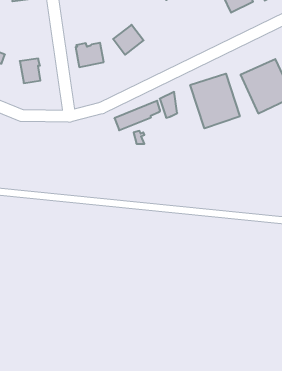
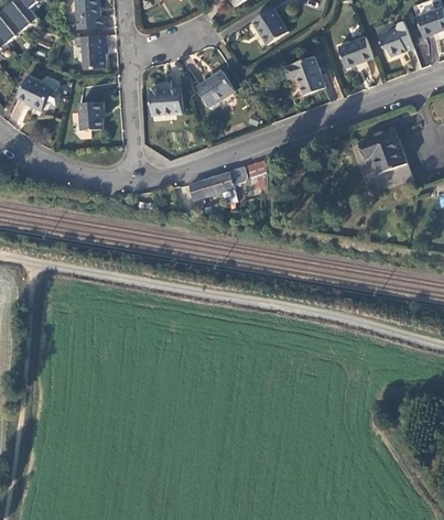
building: none -> [80,35,107,68]
building: none -> [283,57,325,95]
building: [190,74,240,128] -> none

